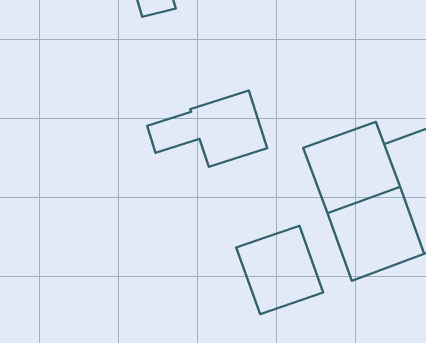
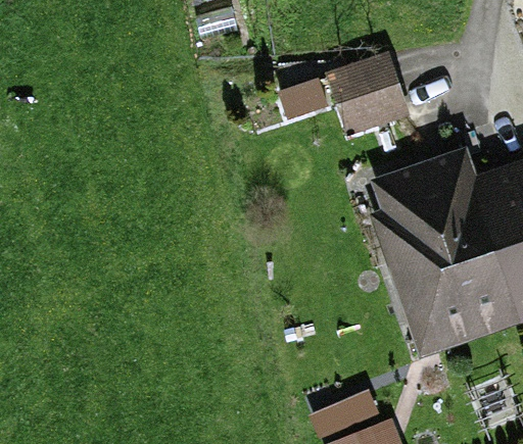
building: [147,90,267,167] -> [278,50,410,134]
building: [236,226,323,314] -> none

